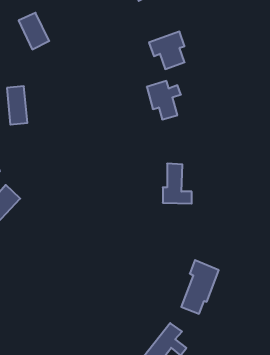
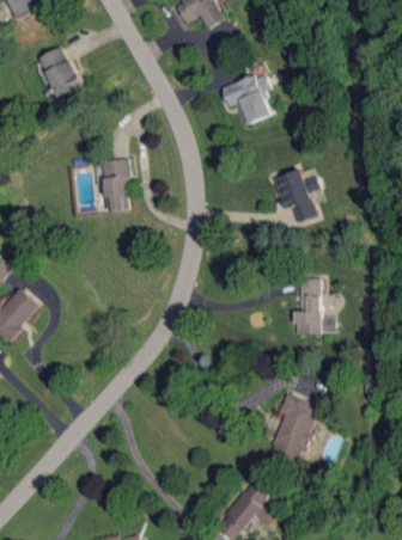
building: [147,81,181,119] -> [274,168,322,222]
building: [7,86,27,125] -> [102,158,130,211]
building: [163,164,192,204] -> [294,277,335,333]

